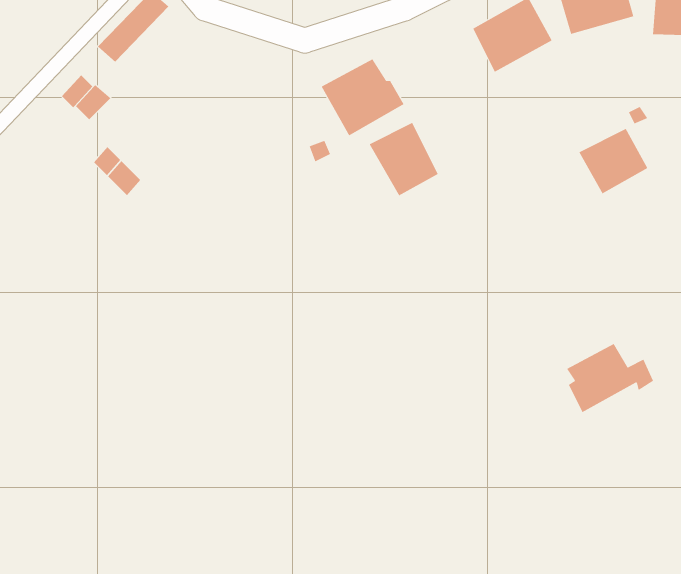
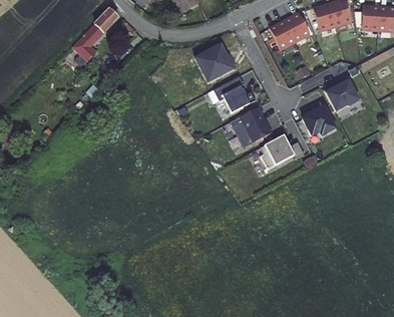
building: none -> [302,105,336,135]
building: none -> [230,106,272,146]
building: [566,343,654,413] -> [260,134,304,170]

